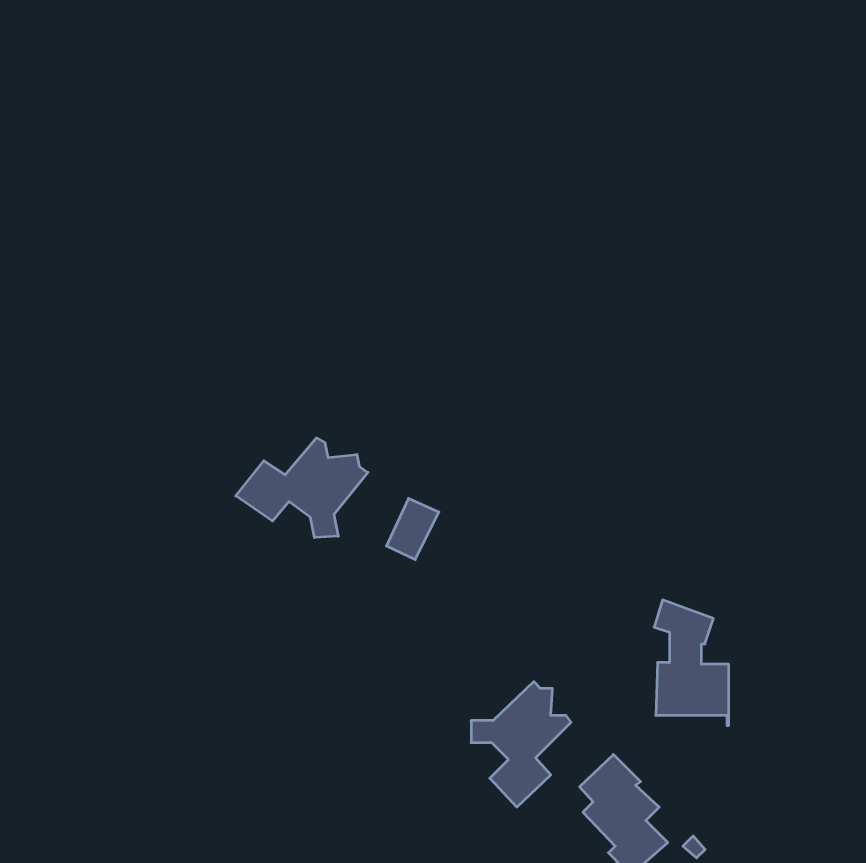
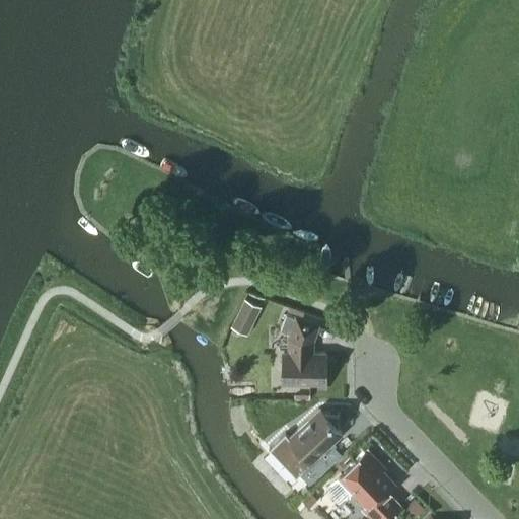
building: [236,438,368,538] -> none
building: [654,600,729,725] -> [281,315,325,390]

